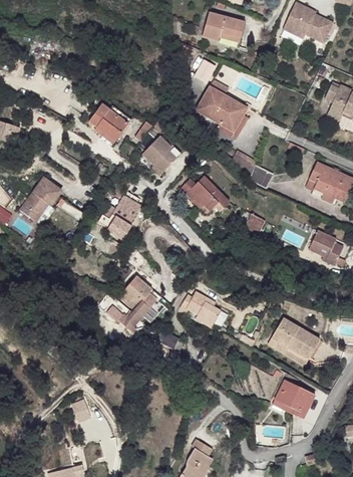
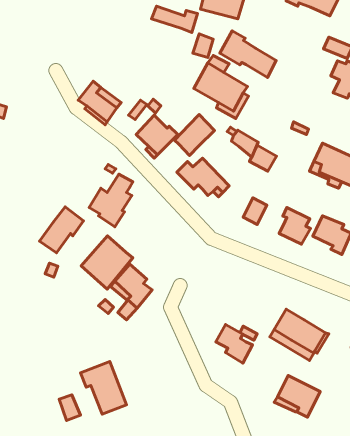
building: none -> [151,6,197,32]
building: none -> [220,31,276,77]
building: none -> [174,114,215,155]
building: [20,178,61,221] -> [40,207,83,253]
building: none -> [279,207,311,244]
building: none -> [81,236,133,289]
building: [187,291,221,327] -> [216,325,252,363]
building: none -> [80,362,126,414]

